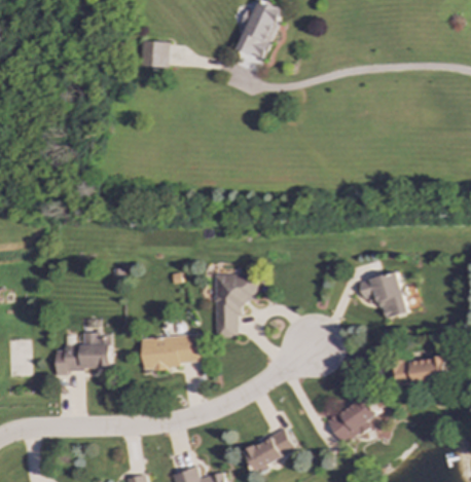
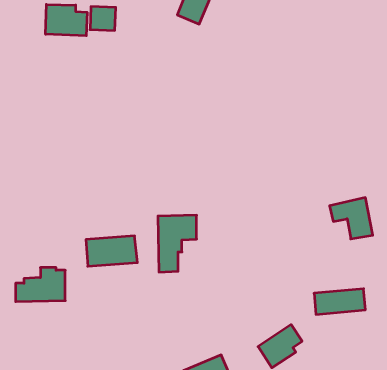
building: none -> [46,4,87,36]
building: [358,272,406,319] -> [330,198,373,239]
building: [141,335,198,369] -> [86,236,137,266]

